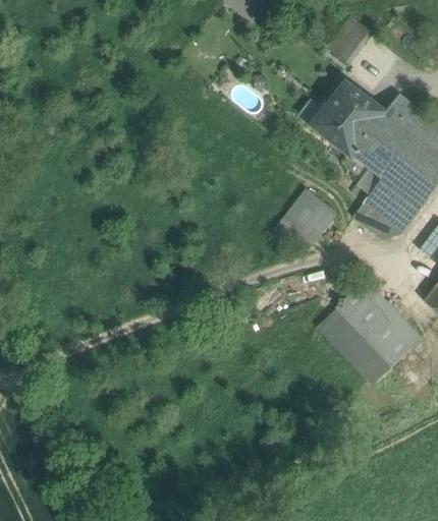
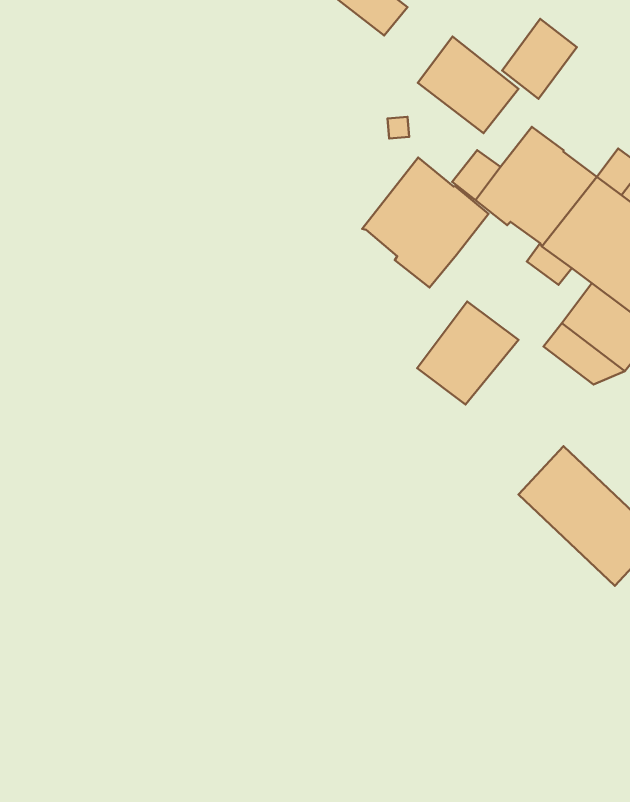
building: none -> [418,37,518,133]
building: none -> [362,158,488,288]
building: [318,306,395,382] -> none

